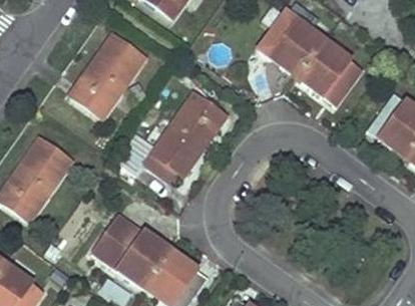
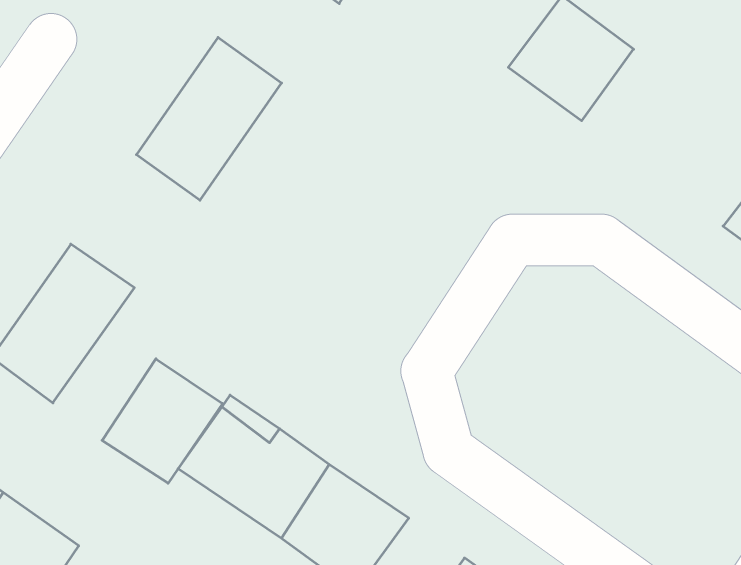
building: [297,39,361,104] -> none
building: [119,92,226,179] -> none
building: none -> [102,359,222,483]

